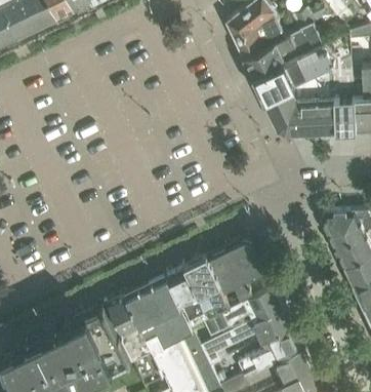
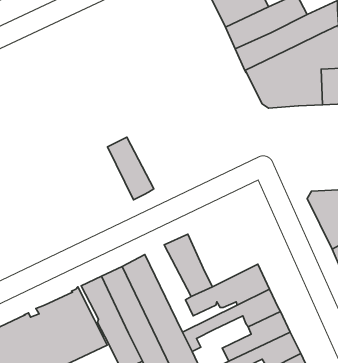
building: [207,239,273,299] -> none
building: [166,268,210,327] -> [108,137,154,200]

